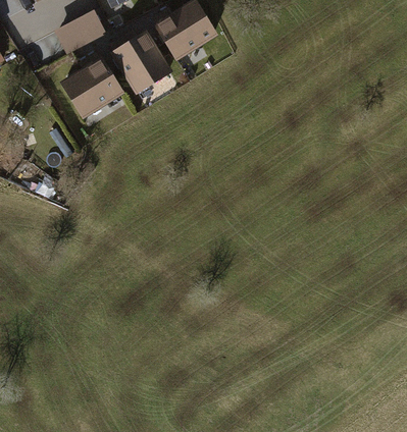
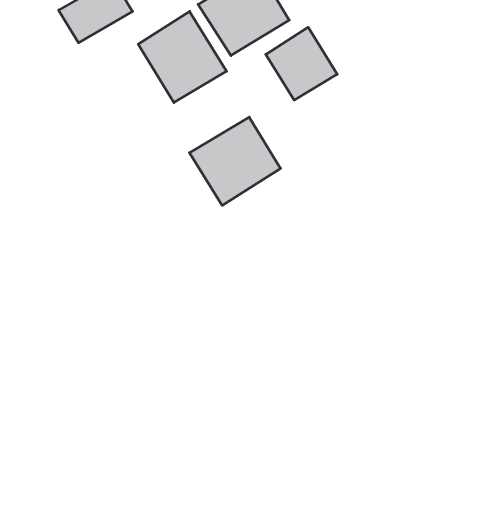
building: none -> [266,27,337,100]
building: [60,58,125,121] -> [189,117,281,205]

